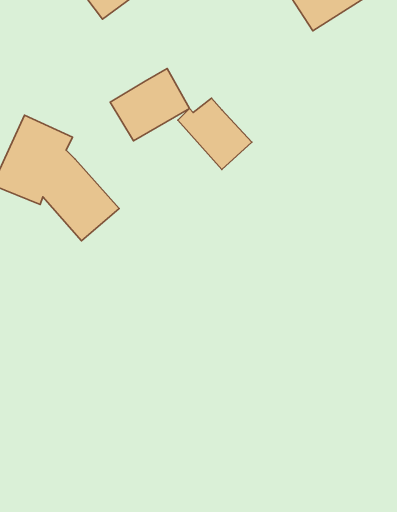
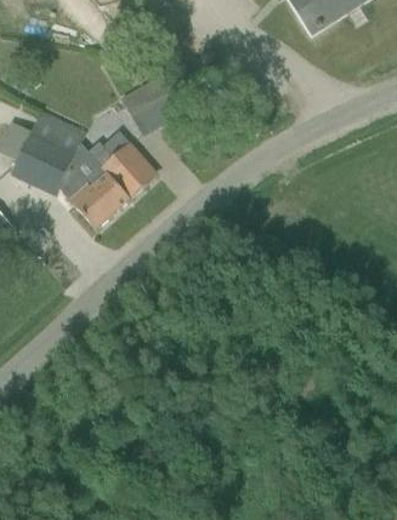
building: [178,98,252,170] -> [87,131,157,198]

